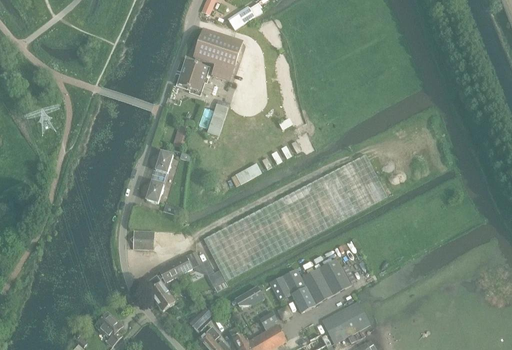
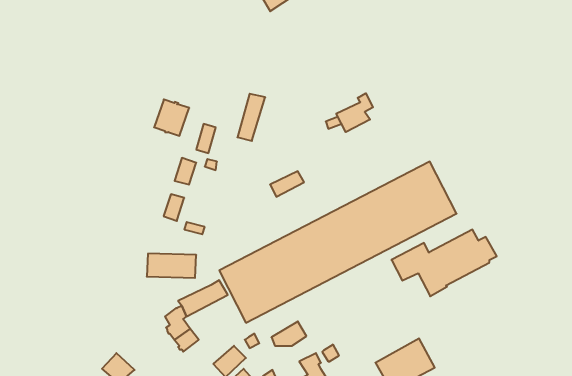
building: [194,29,242,81] -> none
building: [178,61,207,91] -> [154,99,189,136]
building: none -> [336,93,373,132]
building: [269,258,356,313] -> [391,230,497,296]

